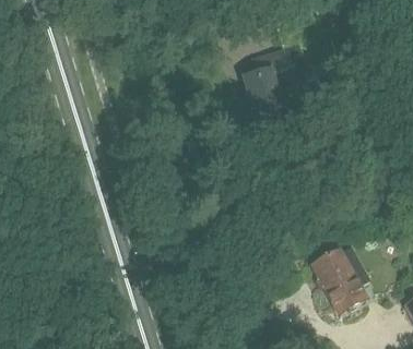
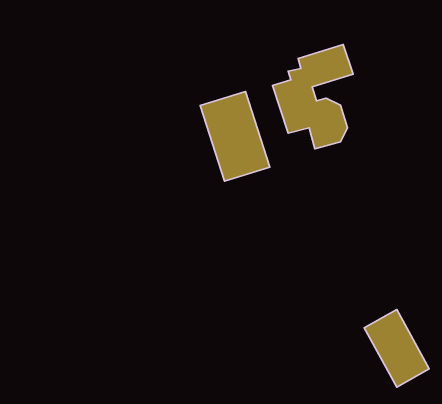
building: none -> [200,91,270,181]

